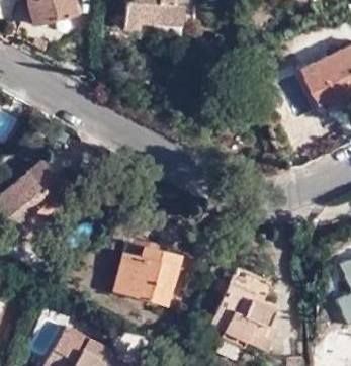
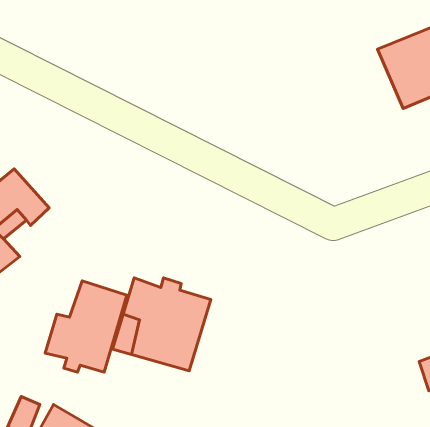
building: none -> [45,281,127,372]
building: [210,272,279,342] -> none

